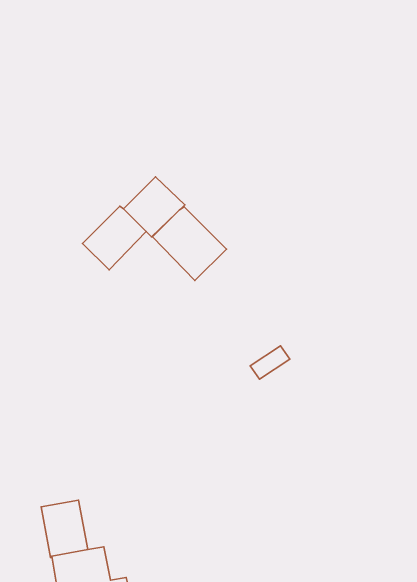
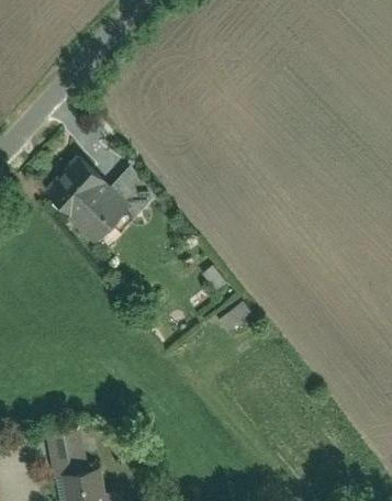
building: none -> [52,162,109,220]
building: [153,207,226,281] -> none

